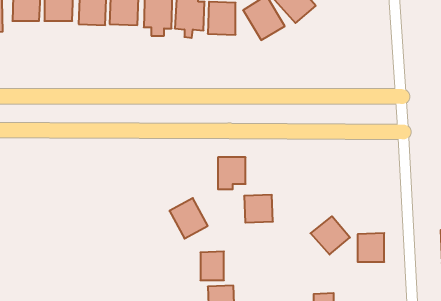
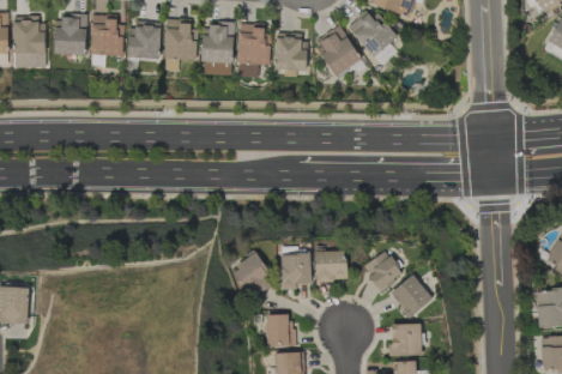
building: [218,157,246,189] -> [279,254,310,290]
building: none -> [363,251,403,291]
building: [358,233,384,262] -> [391,324,421,356]

